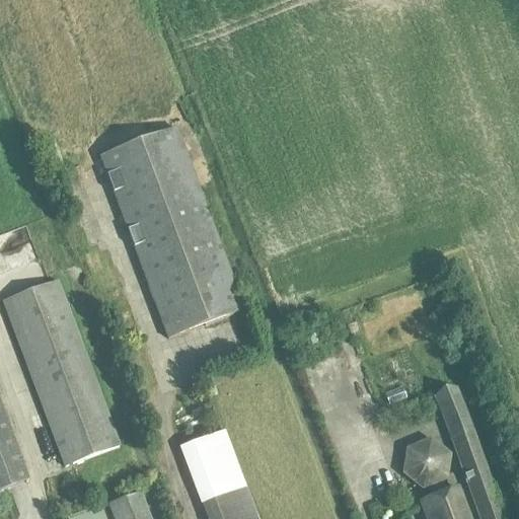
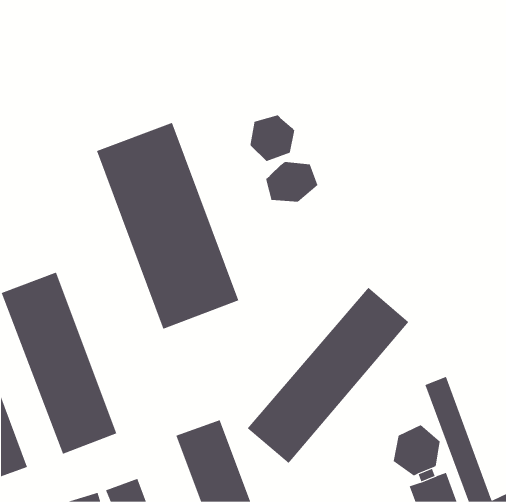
building: none -> [250,115,295,162]
building: none -> [265,161,318,202]
building: none -> [247,287,409,464]

